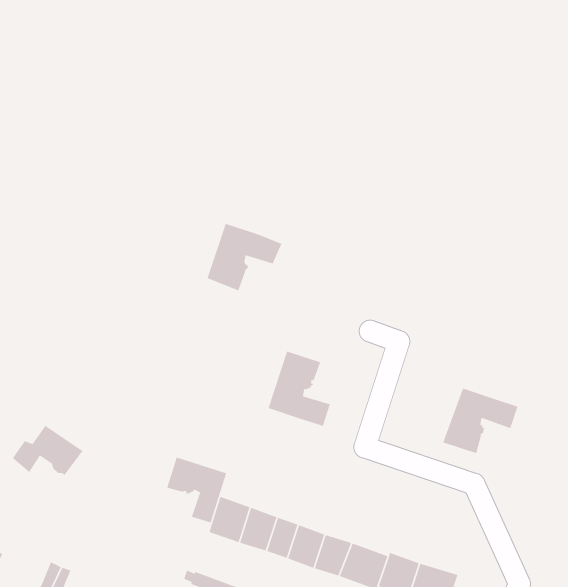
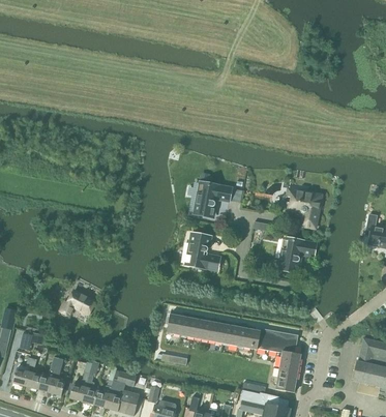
building: [206,223,282,291] -> [196,182,232,216]
building: none -> [285,190,320,227]
building: [166,457,227,524] -> none

